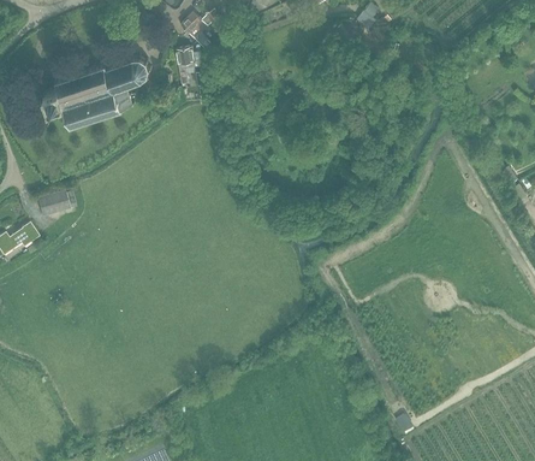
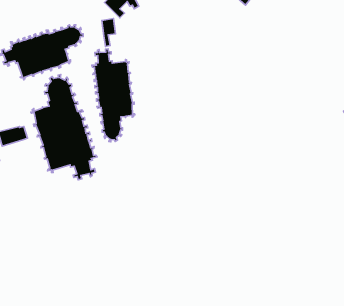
building: none -> [92,49,135,142]
building: none -> [31,75,97,180]

